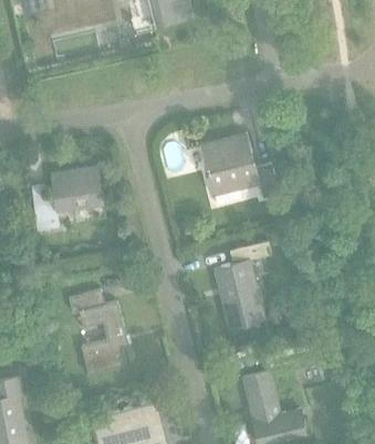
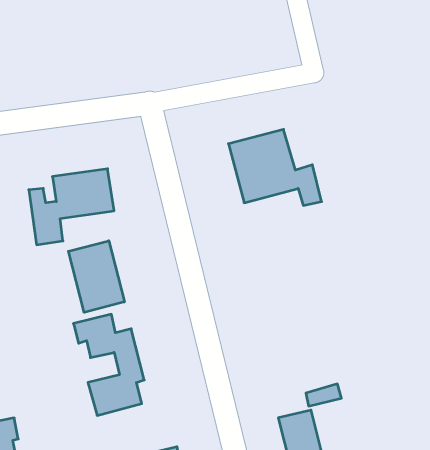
building: none -> [68,241,124,312]
building: [215,243,270,328] -> none

